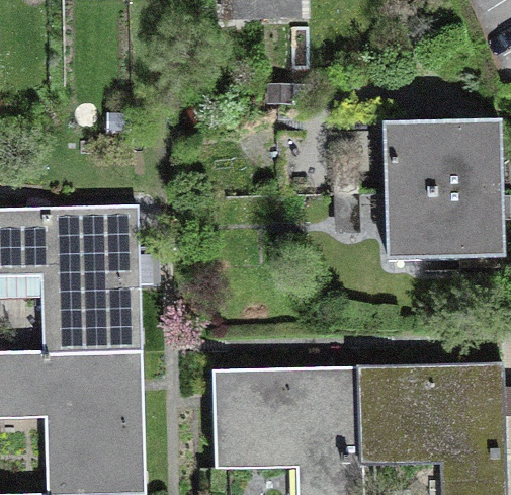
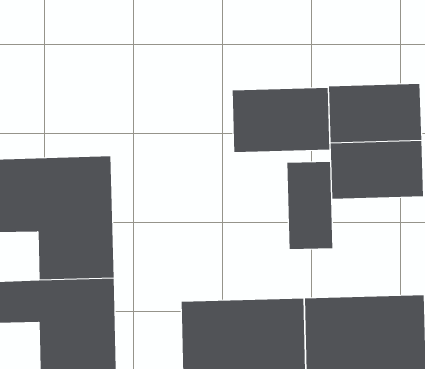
building: none -> [232,87,330,153]
building: none -> [287,161,333,250]

